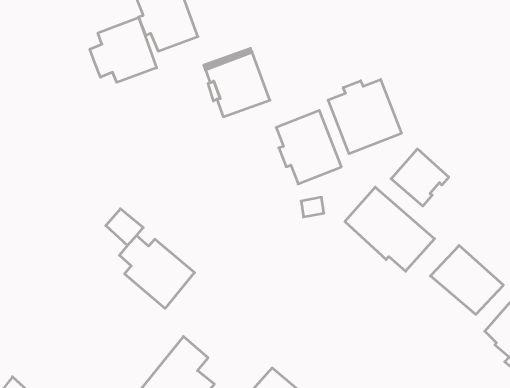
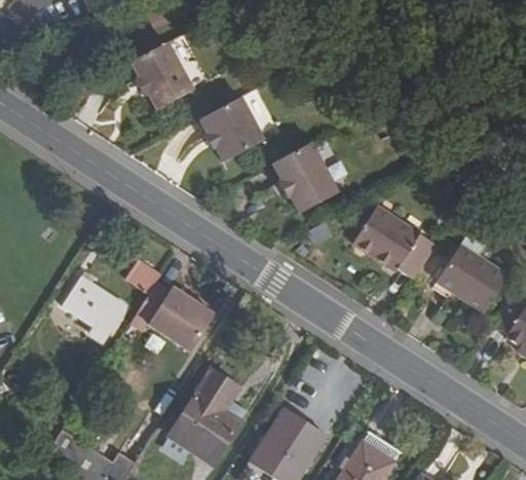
building: [90,18,157,82] -> none
building: [328,79,401,154] -> none
building: [391,149,449,206] -> none
building: none -> [62,276,127,345]

